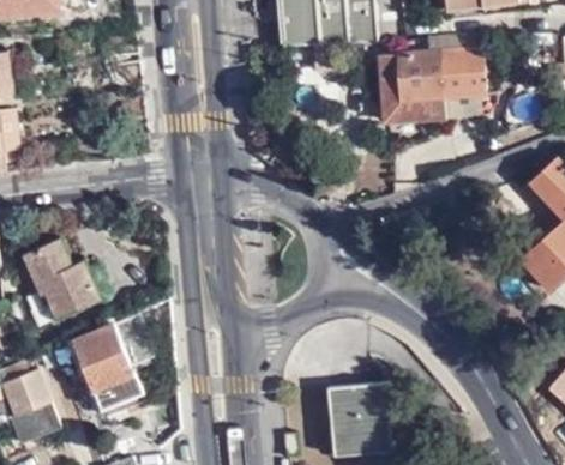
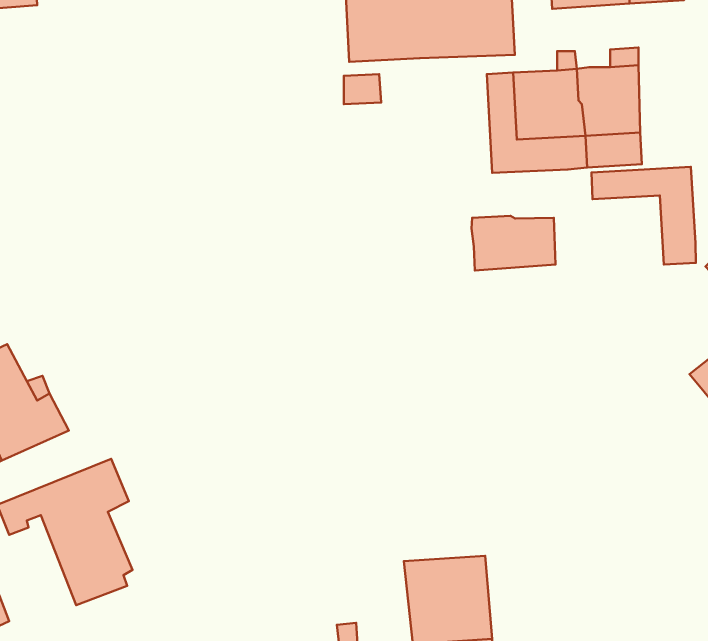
building: none -> [591,167,696,265]
building: none -> [472,216,556,270]

